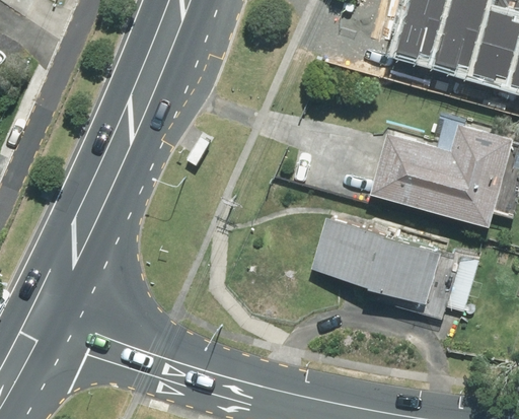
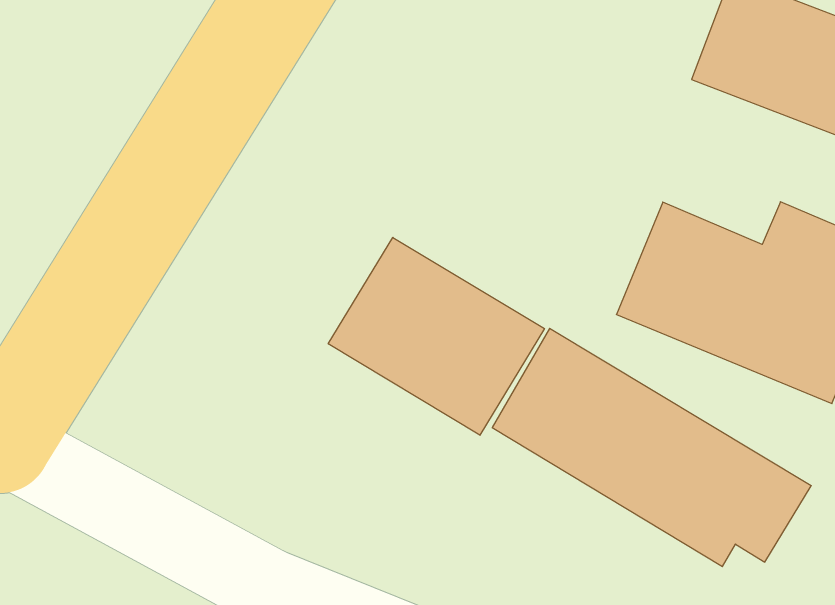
building: none -> [328,237,544,435]

